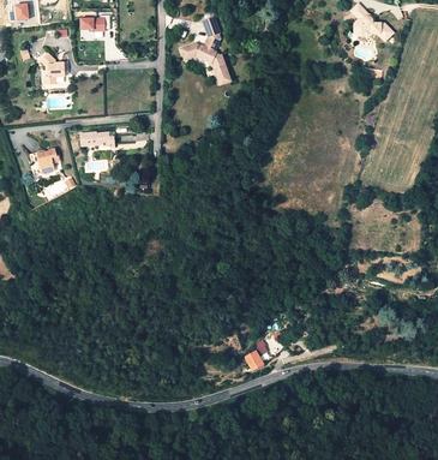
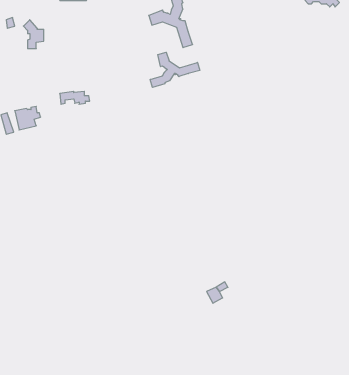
building: none -> [150,52,200,87]

